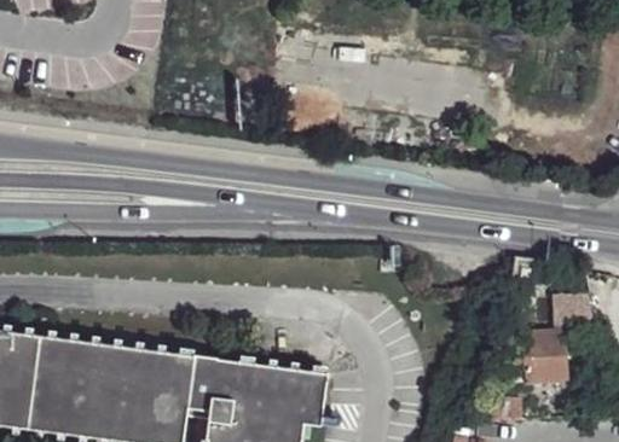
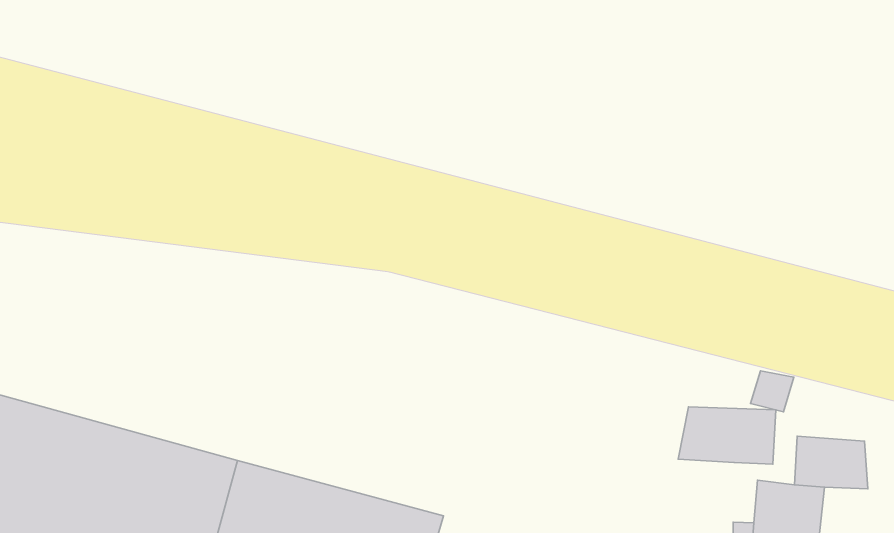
building: none -> [678,407,776,464]

